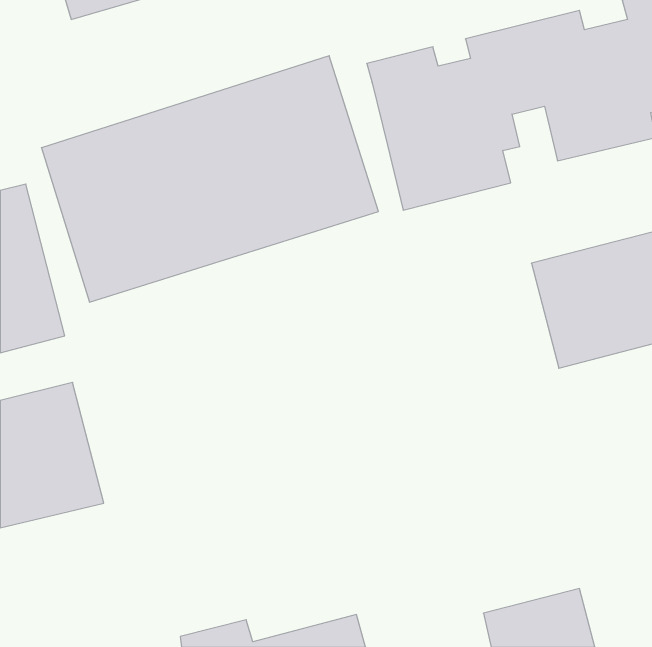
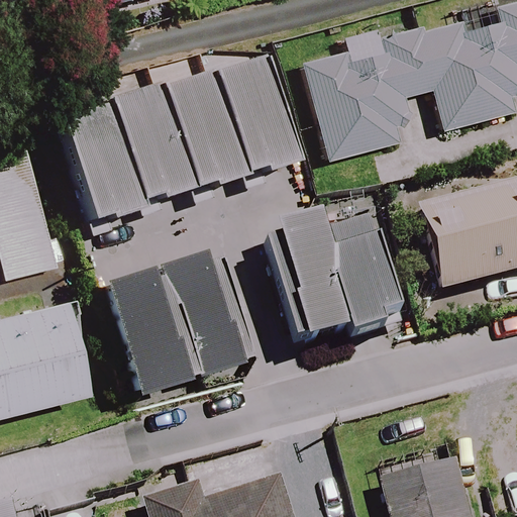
building: none -> [251,203,418,361]
building: none -> [93,237,251,404]

